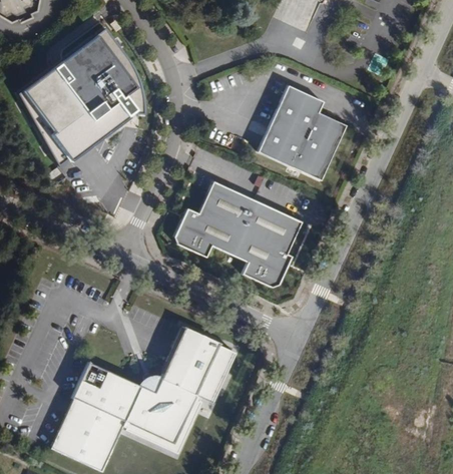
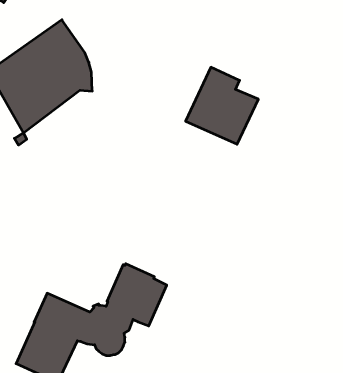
building: [174,182,303,289] -> none
building: [122,395,202,454] -> none

